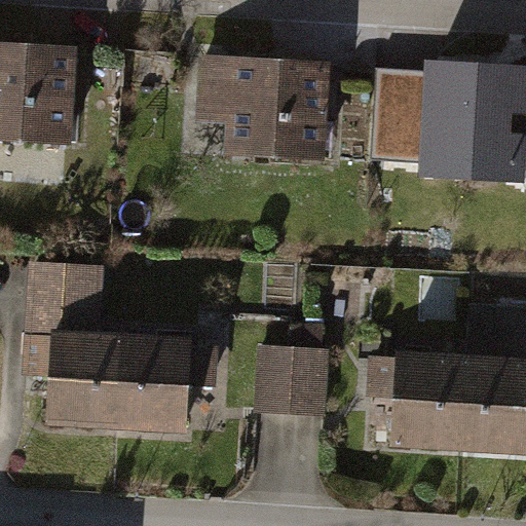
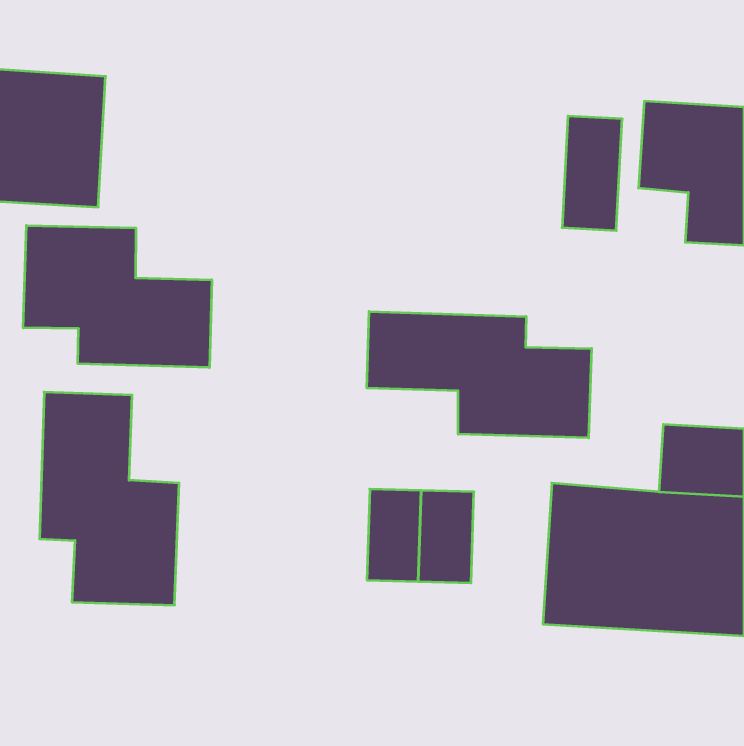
building: [199,65,330,168] -> none
building: none -> [23,225,212,368]
building: none -> [367,311,592,438]
building: [122,338,214,425] -> none

